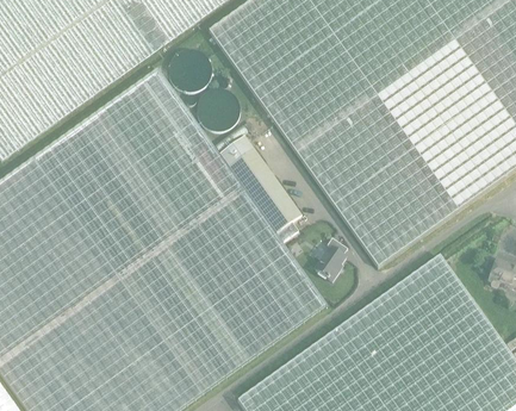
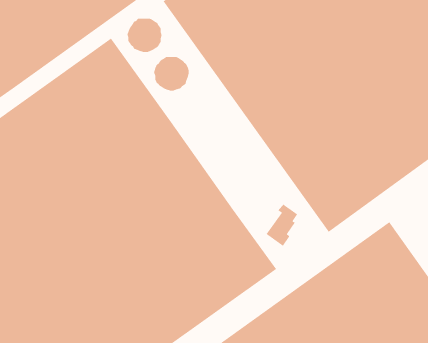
building: [219,137,301,244] -> none

